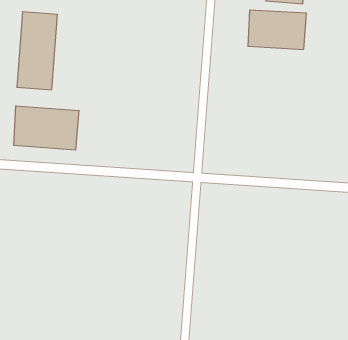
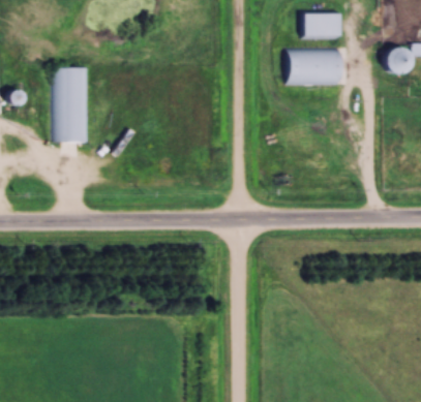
building: [14,106,79,150] -> none

